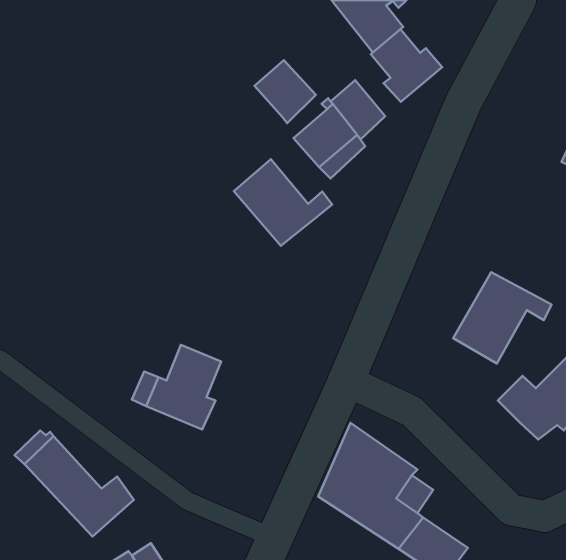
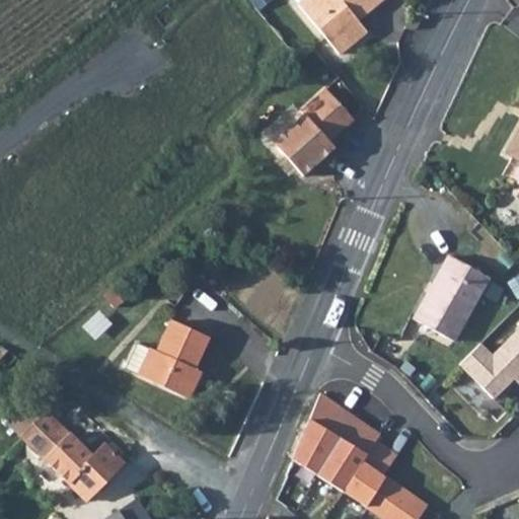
building: [371,29,442,102] -> none
building: [254,60,316,123] -> none
building: [234,159,332,246] -> none

